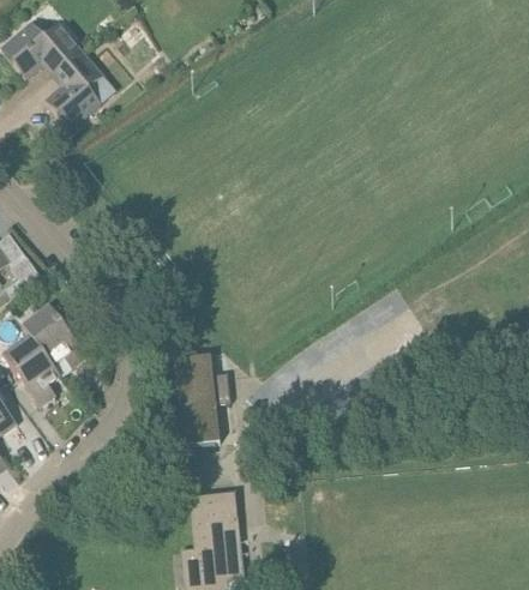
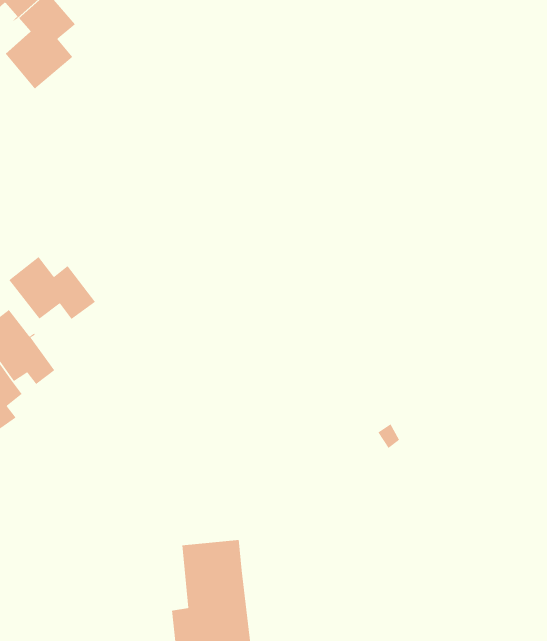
building: none -> [8,256,96,320]
building: [173,354,230,447] -> none

